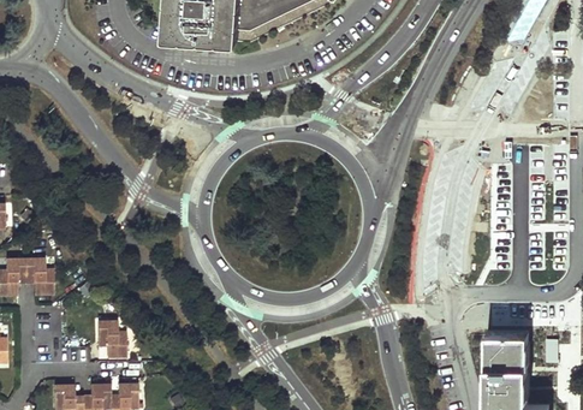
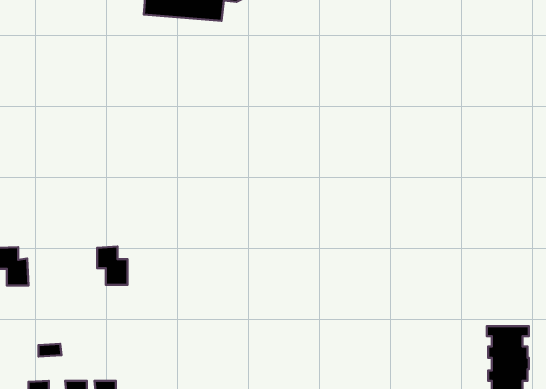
building: [95,322,124,358] -> [97,247,128,285]

